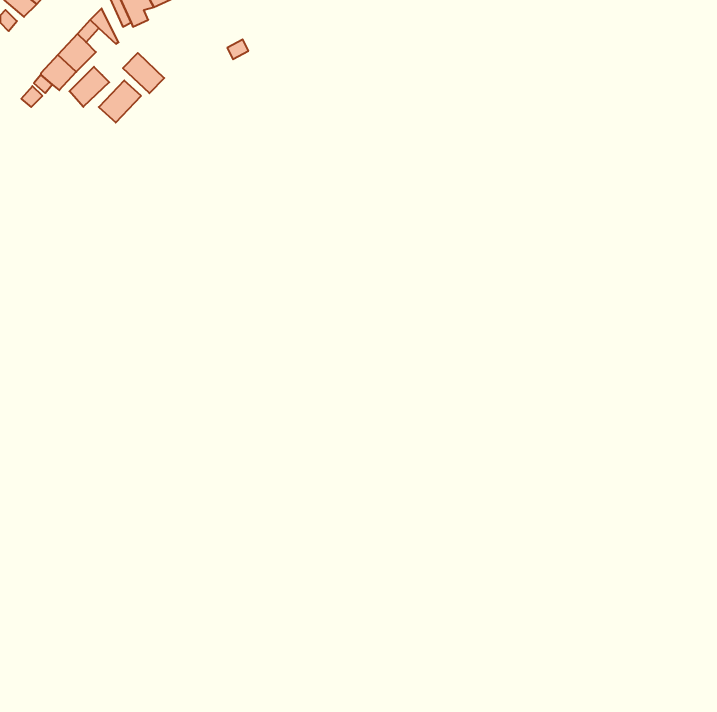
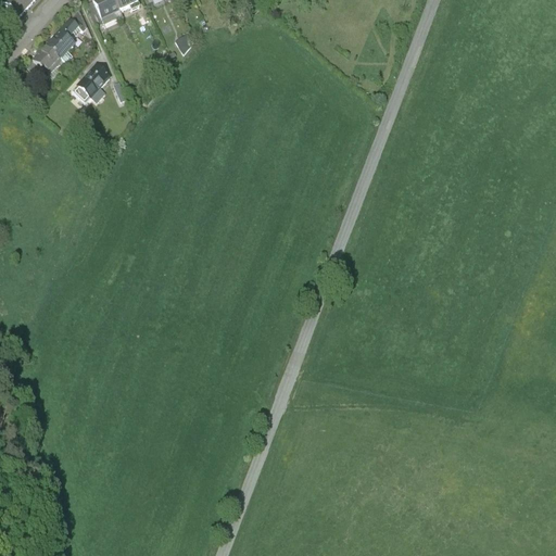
building: [123,53,164,93] -> none
building: [69,67,109,107] -> none

